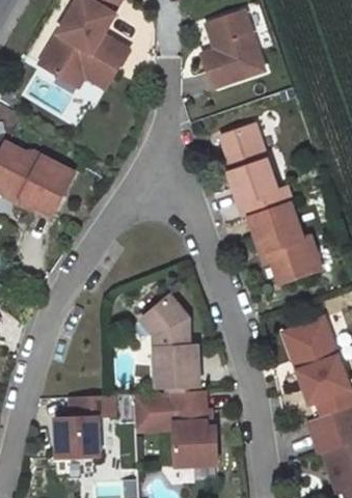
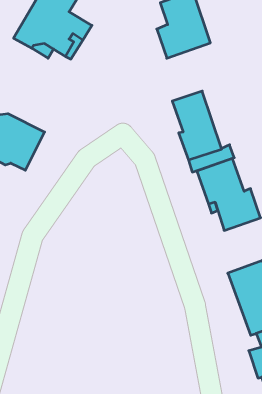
building: [140,295,198,386] -> none
building: [133,390,216,465] -> none
building: [55,395,112,459] -> none

